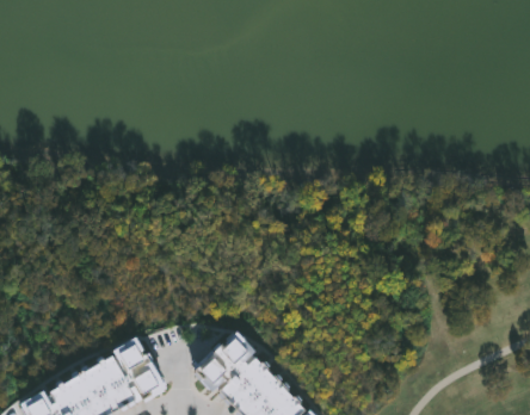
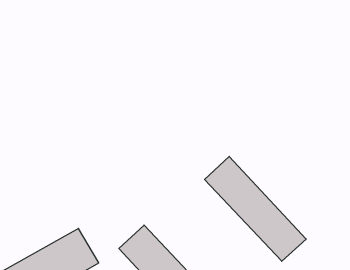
building: none -> [205,156,306,261]

